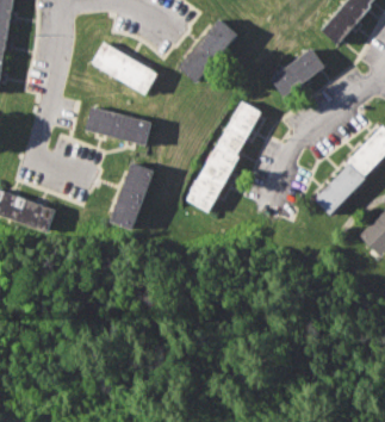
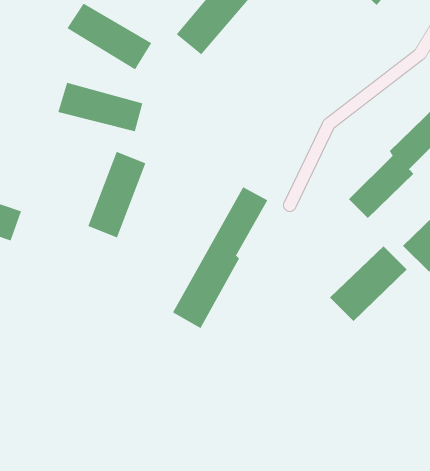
building: [269,48,325,97] -> none
building: [186,100,262,213] -> [172,187,268,329]
building: none -> [329,245,408,322]

